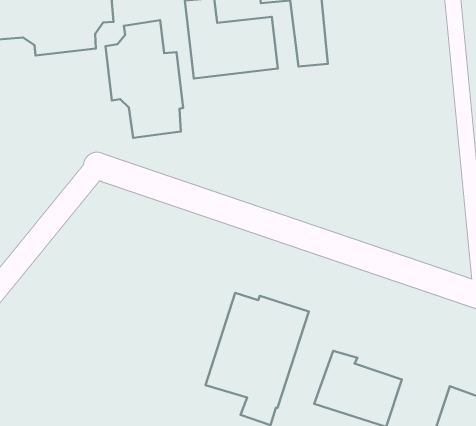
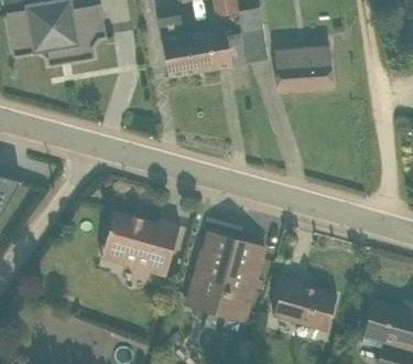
building: [106,20,183,138] -> none
building: none -> [274,44,333,90]
building: none -> [101,210,180,275]

